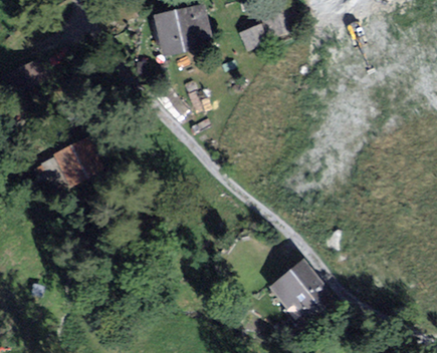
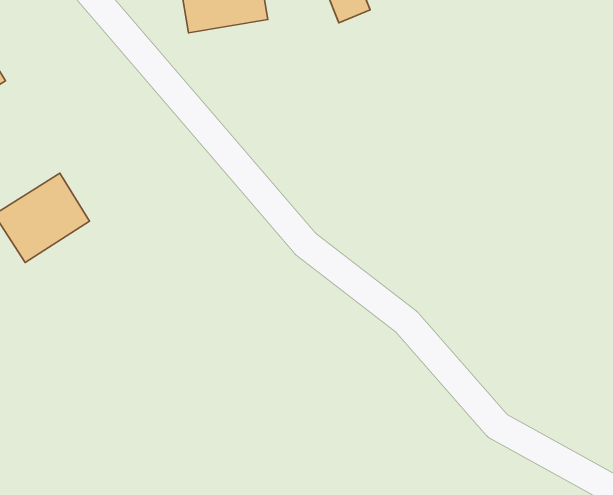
building: [271,261,327,317] -> none

